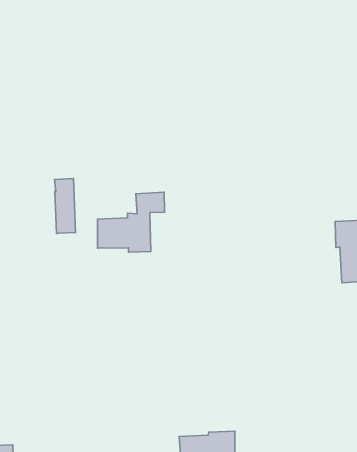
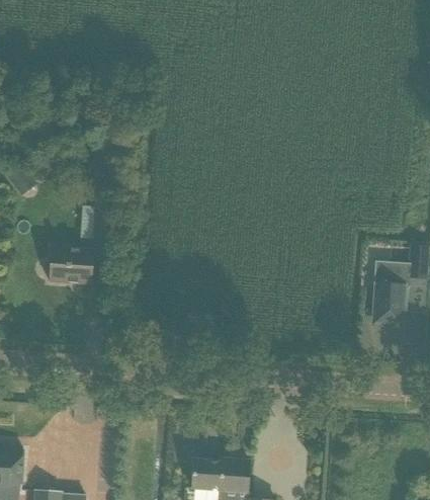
building: [97,192,165,252] -> none
building: none -> [46,247,93,285]

